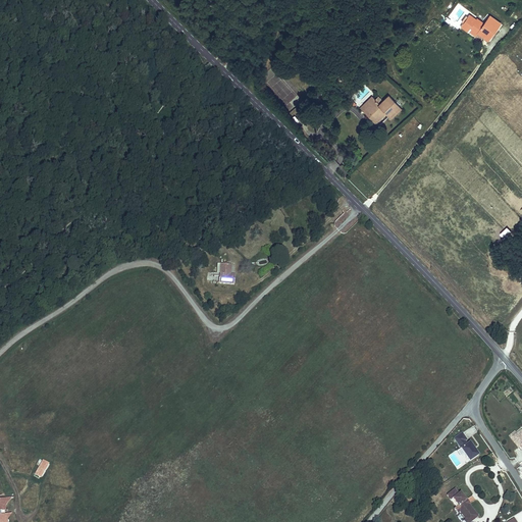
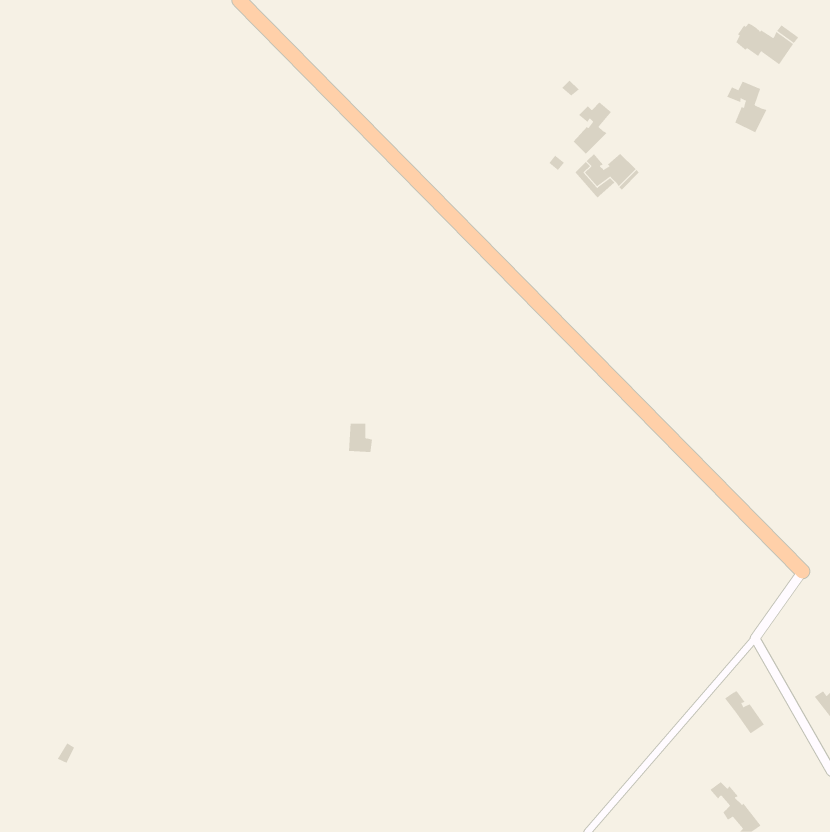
building: none -> [726,81,767,133]
building: none -> [573,102,612,154]

